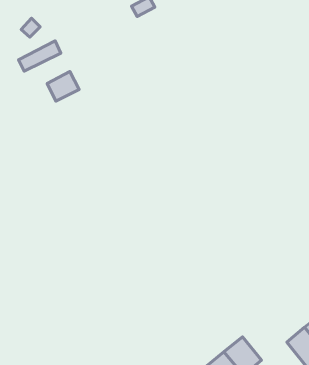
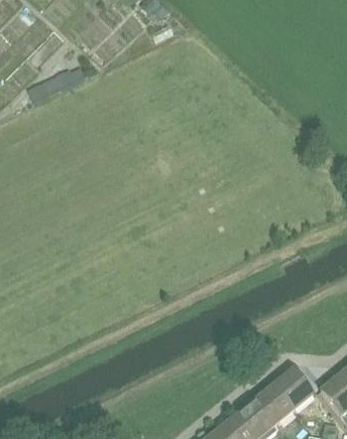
building: [47,72,79,101] -> none
building: none -> [273,368,313,409]

